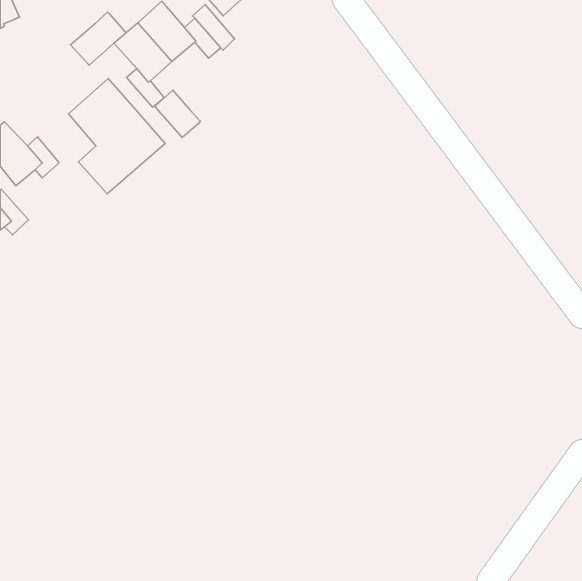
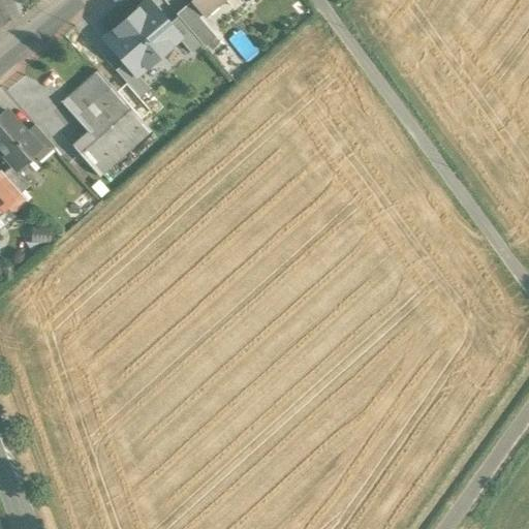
building: [71,12,126,65] -> none
building: [155,90,200,137] -> none

